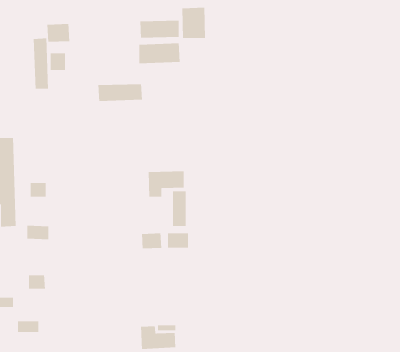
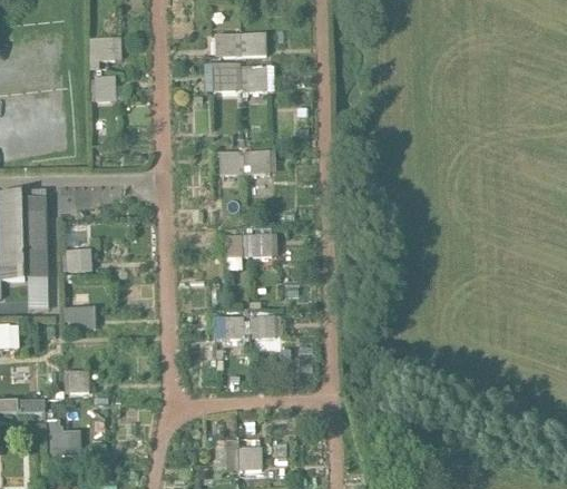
building: [182,7,206,39] -> none
building: [33,37,49,90] -> none
building: [98,84,143,102] -> [217,149,277,174]
building: [172,191,186,227] -> none

